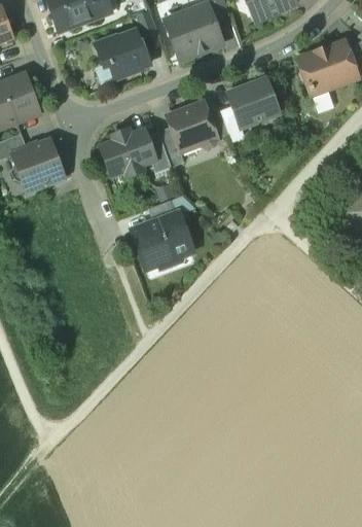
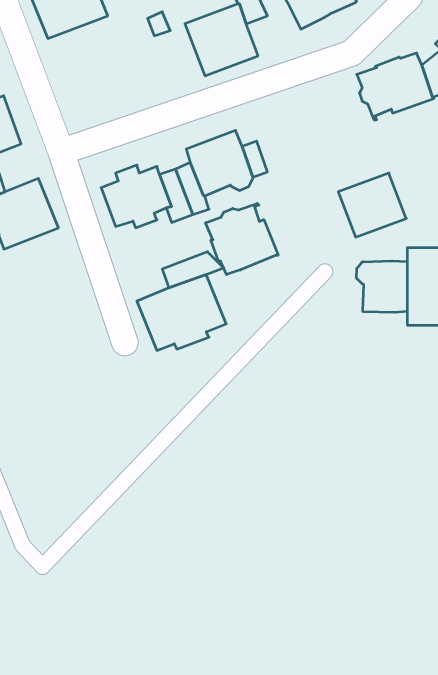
building: [96,30,150,78] -> none
building: [227,77,280,127] -> [338,173,406,237]
building: none -> [206,203,278,275]
building: none -> [356,261,407,312]

